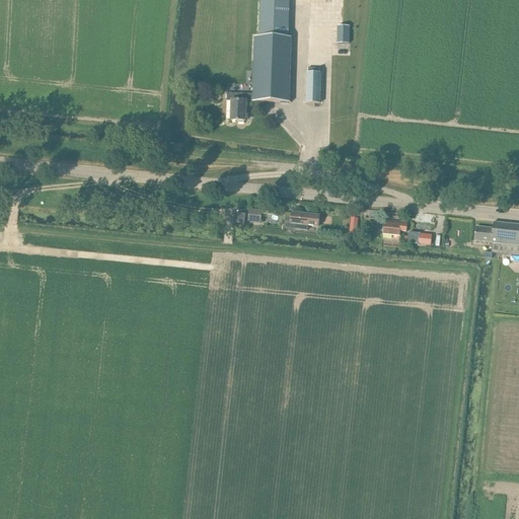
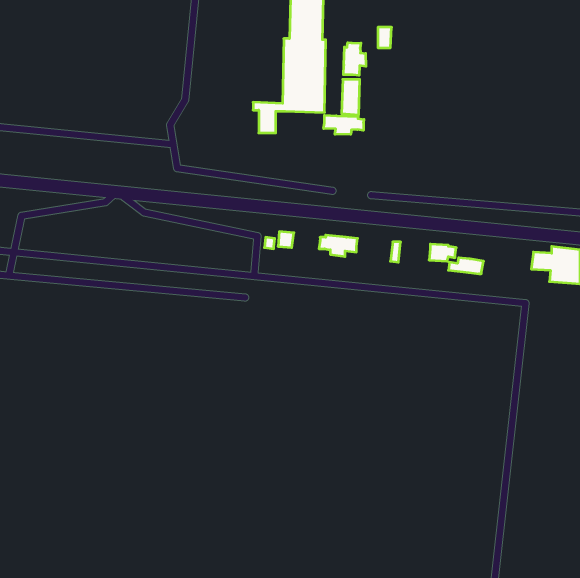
building: none -> [343,43,366,75]
building: none -> [324,115,364,134]

